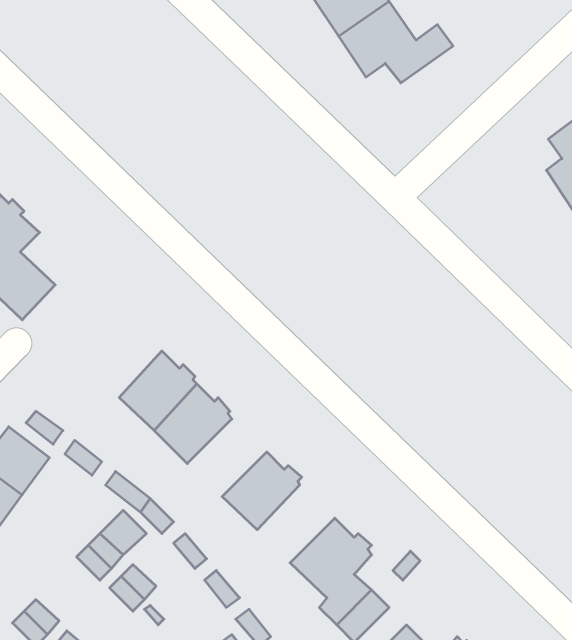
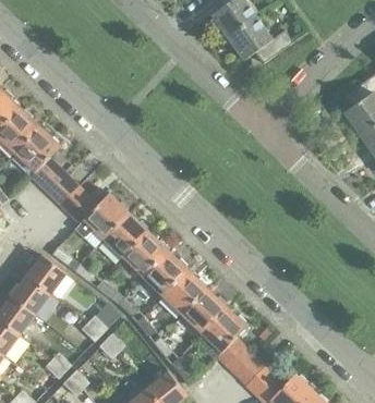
building: none -> [59,186,128,240]
building: none -> [142,252,186,295]
building: none -> [181,289,226,332]

